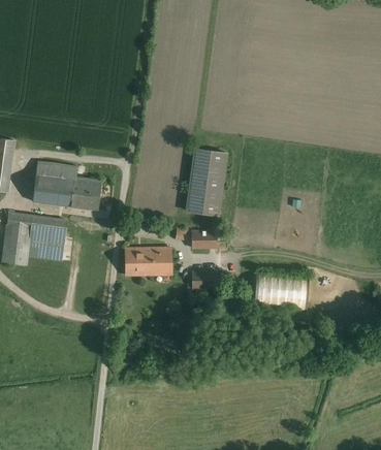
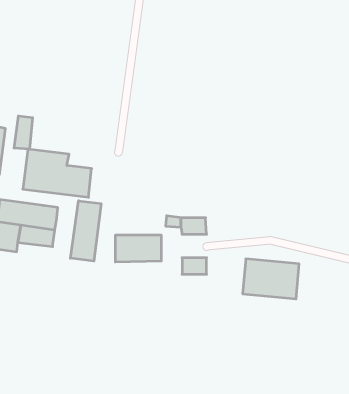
building: none -> [14,116,33,149]
building: [186,150,225,216] -> none
building: none -> [70,201,101,261]

